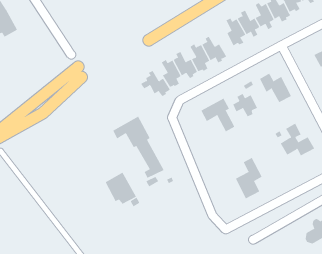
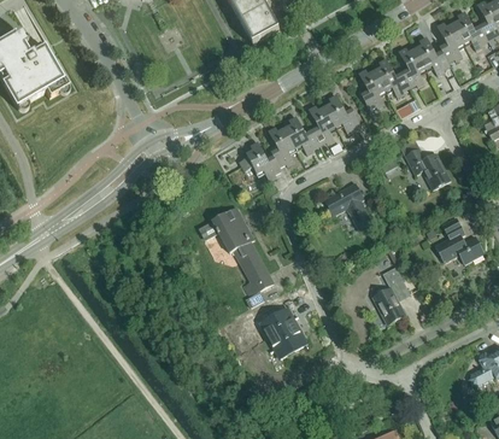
building: [232,93,258,117] -> none
building: [105,172,137,205] -> [260,305,305,351]

